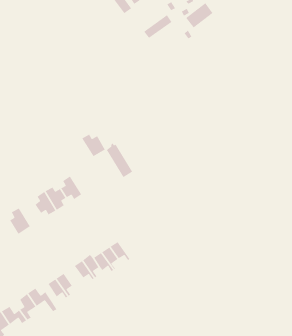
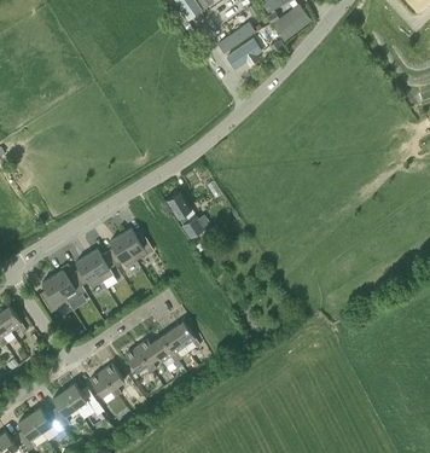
building: none -> [227,40,263,72]
building: [81,133,106,157] -> [121,227,153,259]
building: none -> [53,268,86,301]

